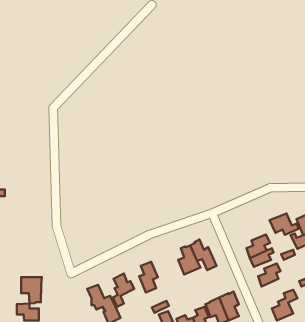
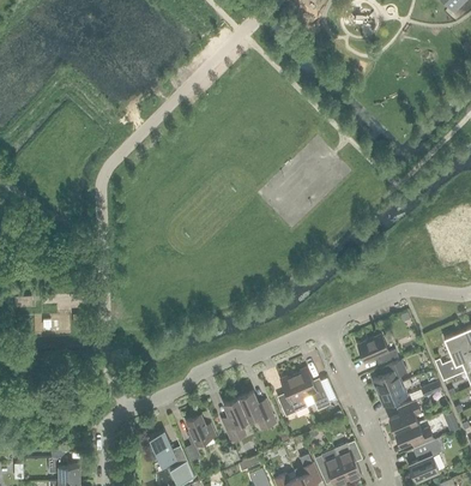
building: [270,213,299,235] -> [356,335,397,365]
building: none -> [237,391,274,430]
building: [21,277,42,303] -> none
building: none -> [393,422,433,448]

